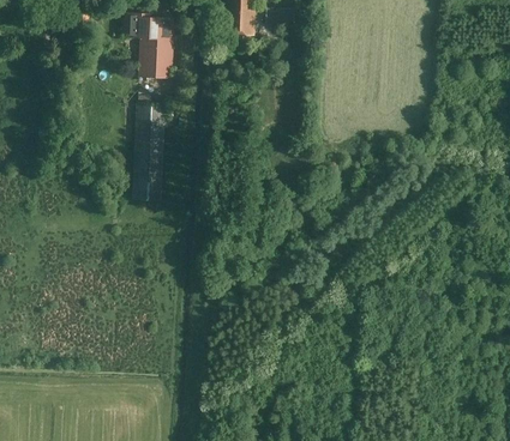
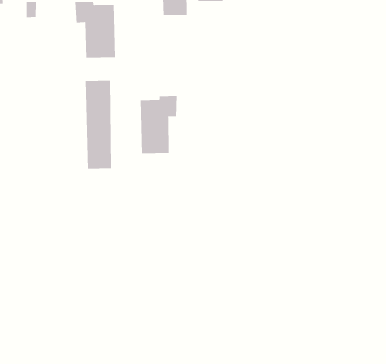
building: none -> [140,95,177,154]

